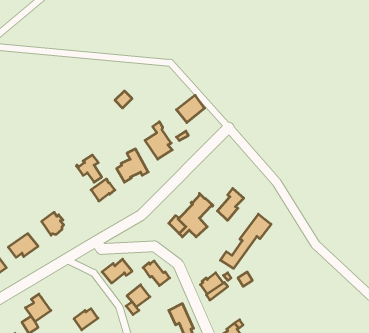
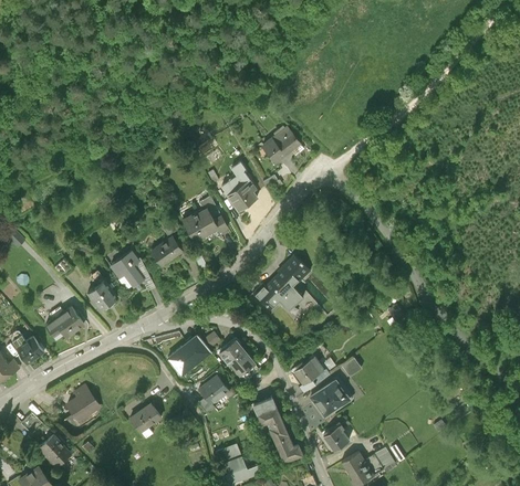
building: [76,155,102,182] -> [110,250,143,285]
building: [217,188,244,220] -> none
building: [220,214,271,268] -> none
building: none -> [309,379,349,416]

